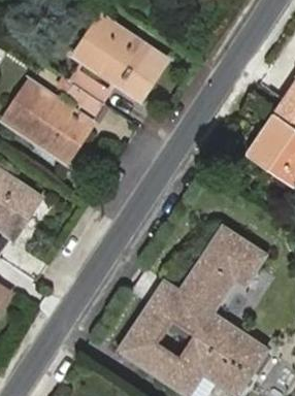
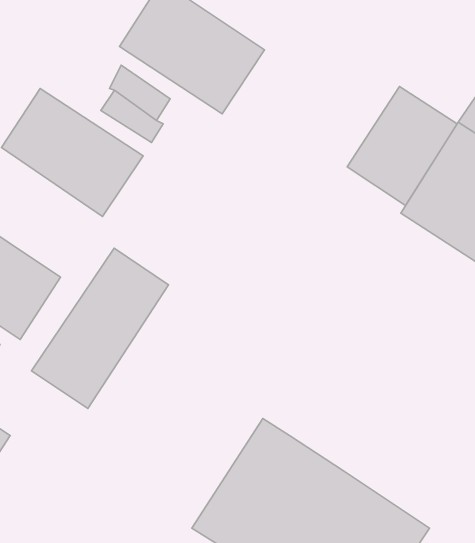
building: none -> [347,86,457,205]
building: none -> [31,248,169,408]
building: [179,229,265,316] -> none

